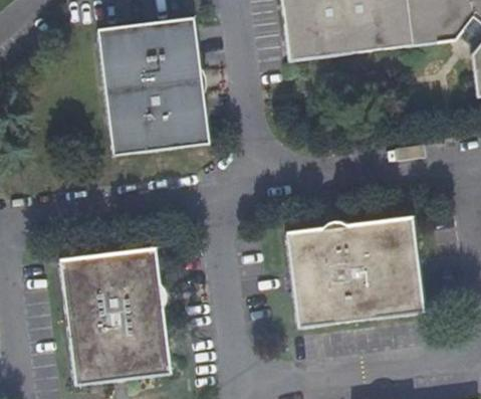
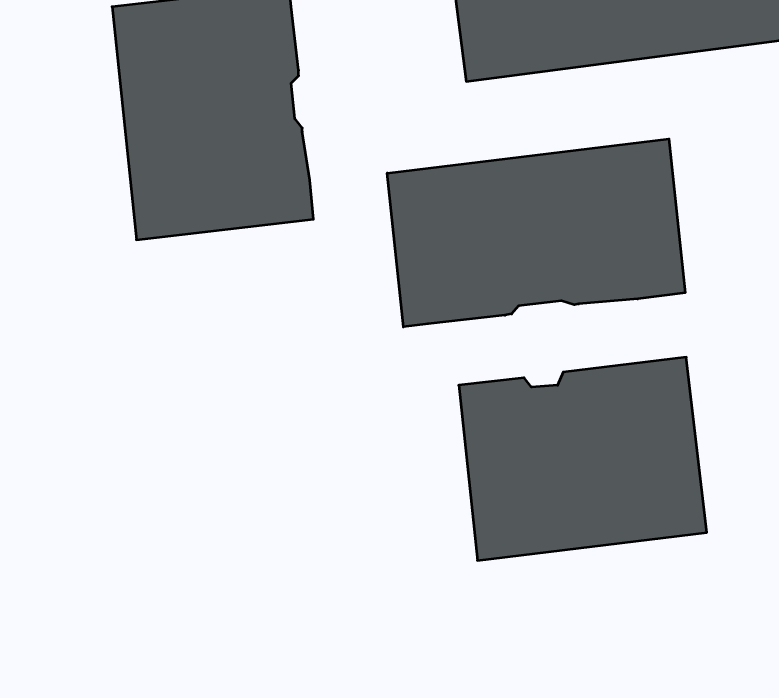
building: none -> [387,139,685,327]
building: [61,246,170,383] -> none

